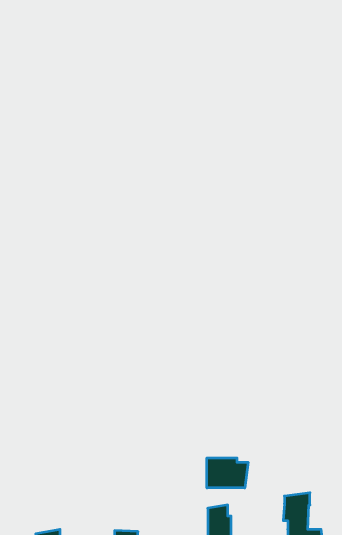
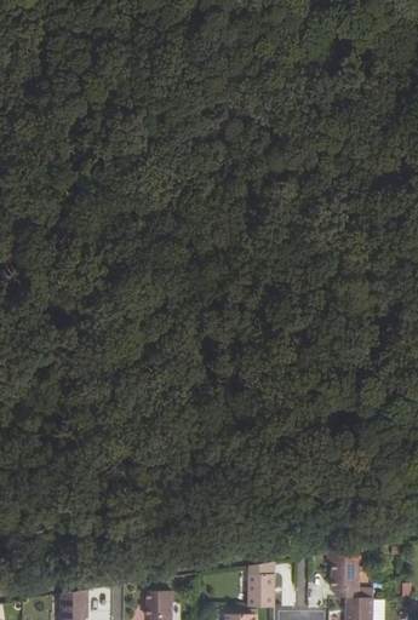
building: [207,458,248,488] -> none

